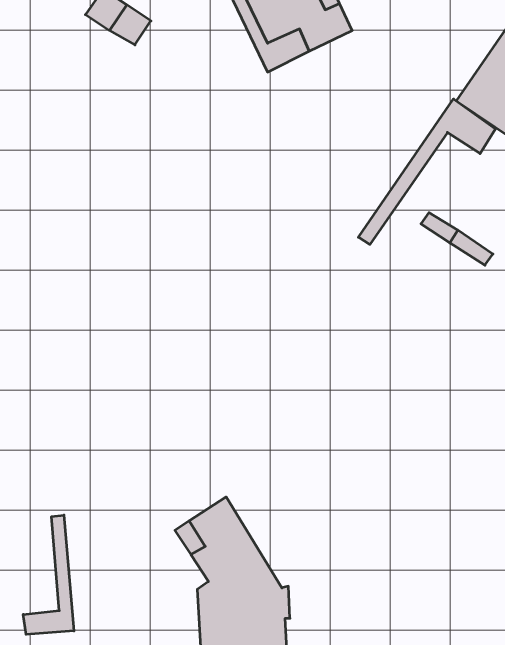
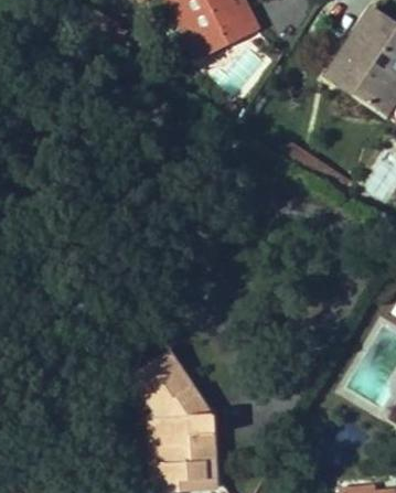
building: [358,99,496,244] -> none
building: [23,515,74,634] -> none

